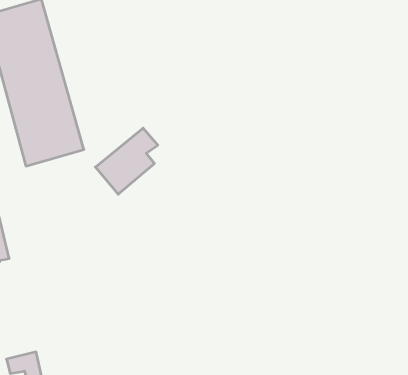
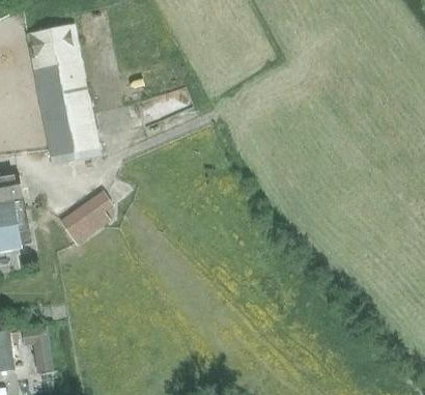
building: [95,128,158,194] -> [58,190,113,245]

